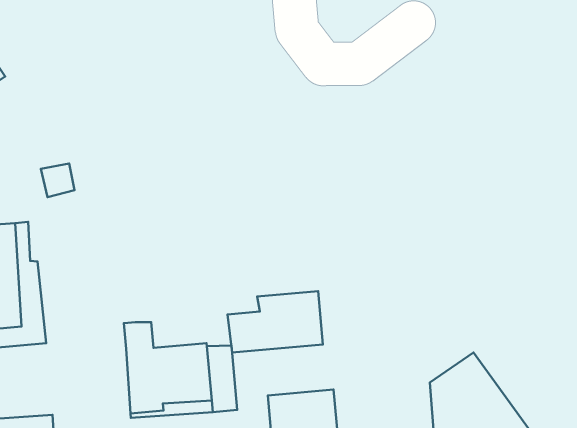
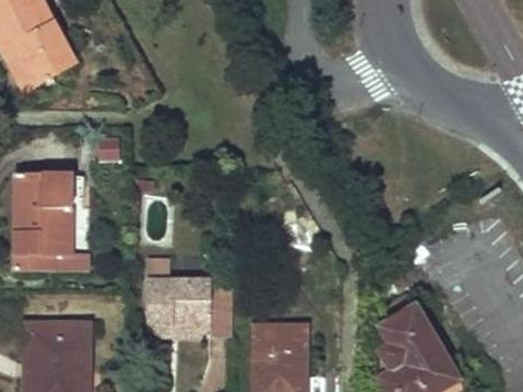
building: [228,291,323,352] -> none

